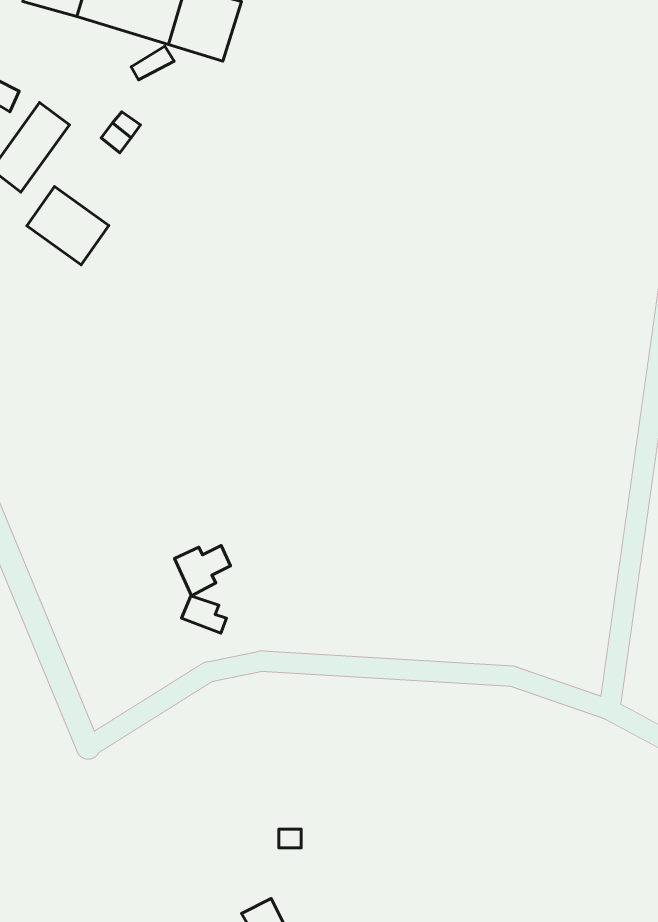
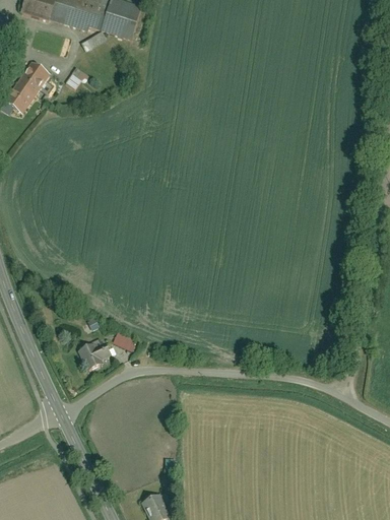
building: [27,186,109,265] -> none
building: [175,545,231,596] -> [79,342,110,370]

